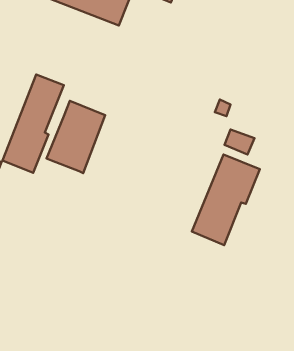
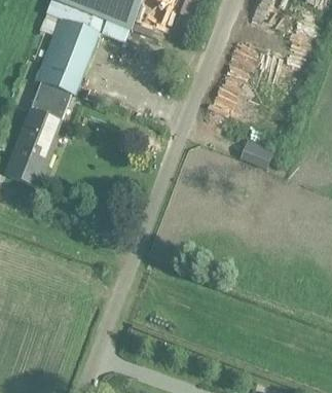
building: [47,101,105,173] -> [36,17,99,95]
building: [192,154,260,245] -> none

